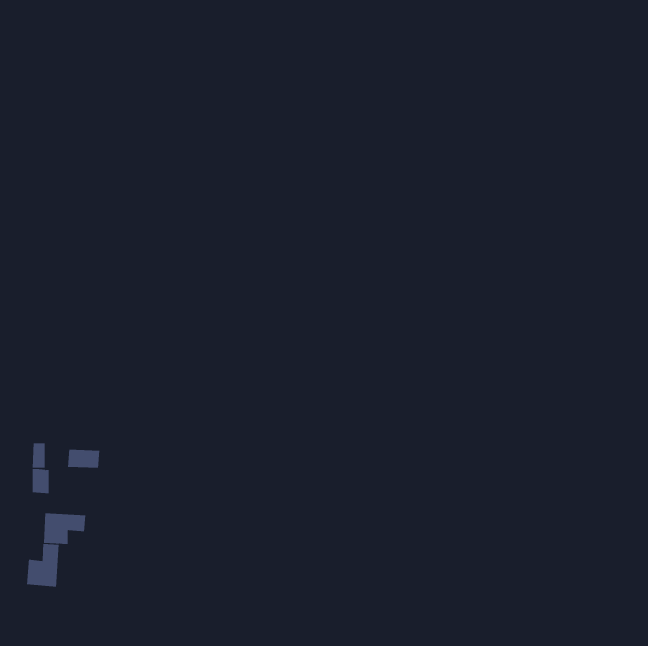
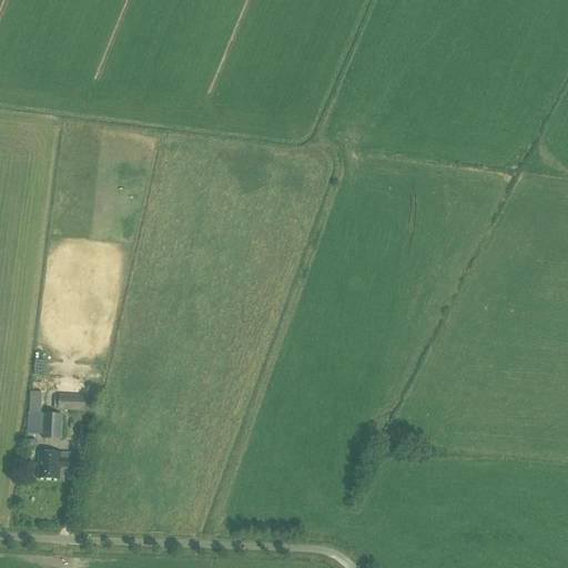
building: none -> [43,410,62,436]
building: [27,543,59,587] -> none

